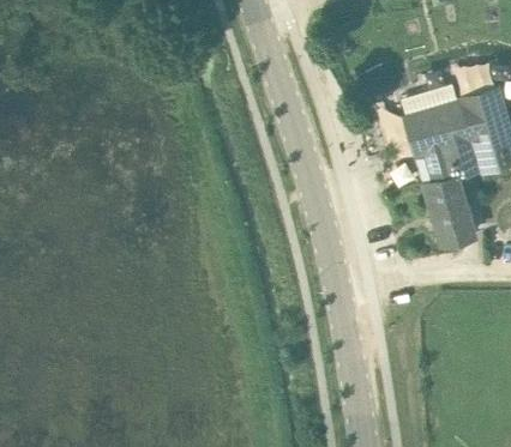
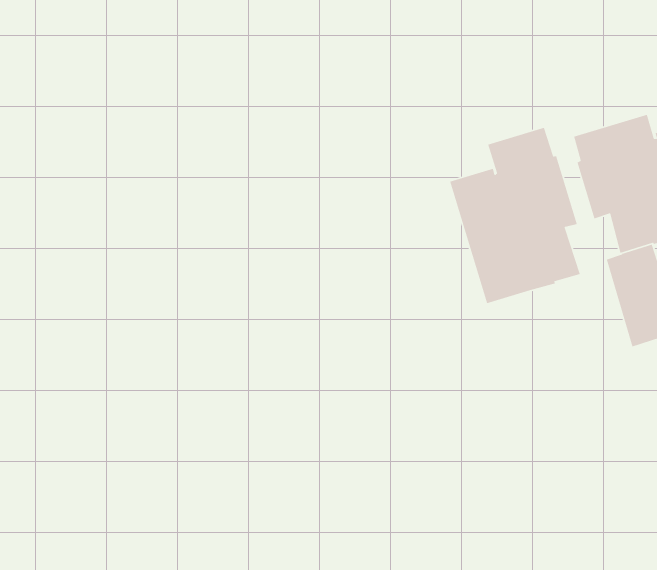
building: none -> [449,127,581,304]

